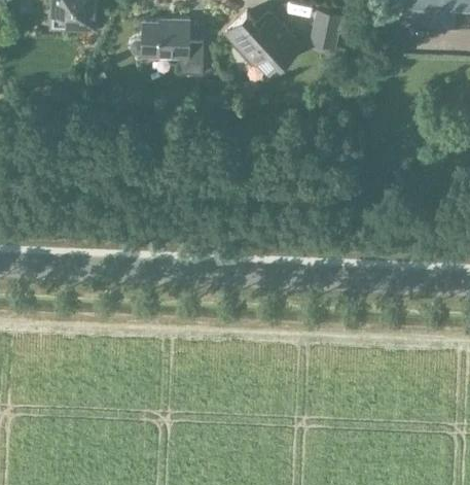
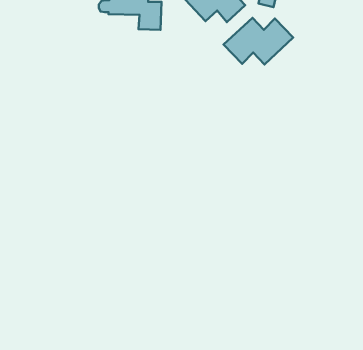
building: none -> [224,18,293,64]

